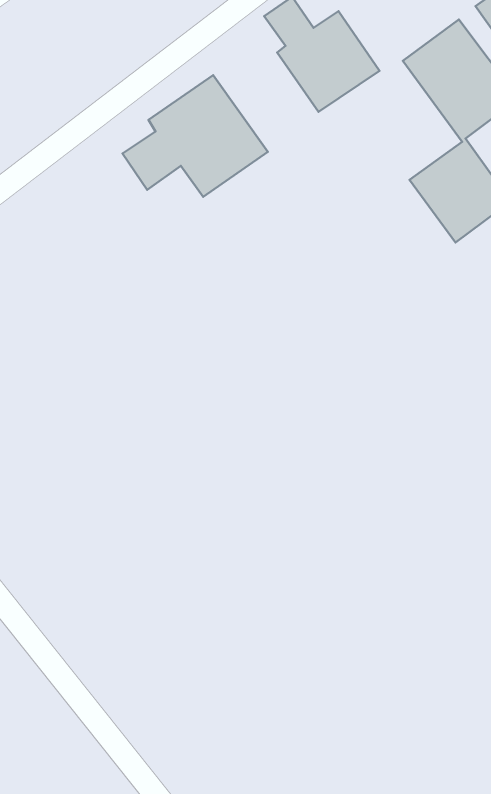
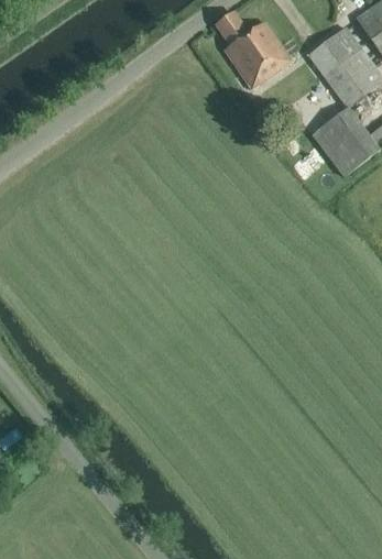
building: [122,75,268,197] -> none

